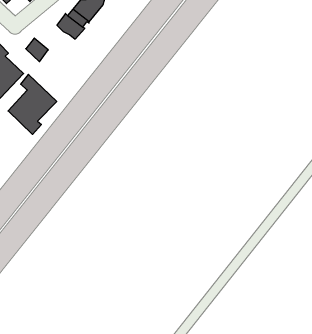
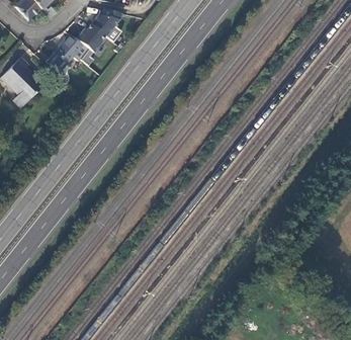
building: none -> [54,34,81,63]
building: [8,74,57,134] -> none

